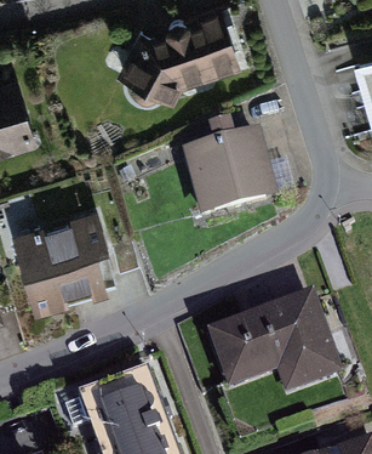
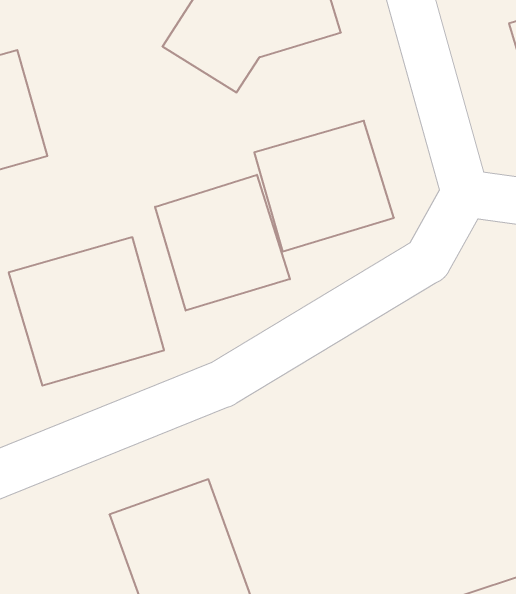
building: none -> [155,175,290,311]
building: [206,293,340,390] -> none

